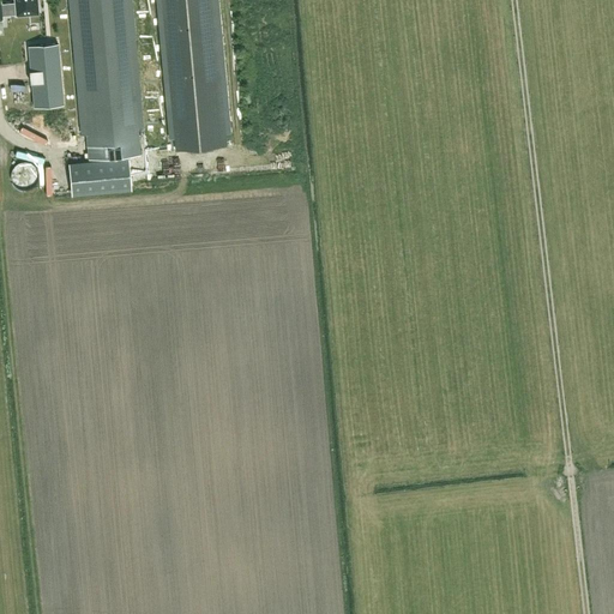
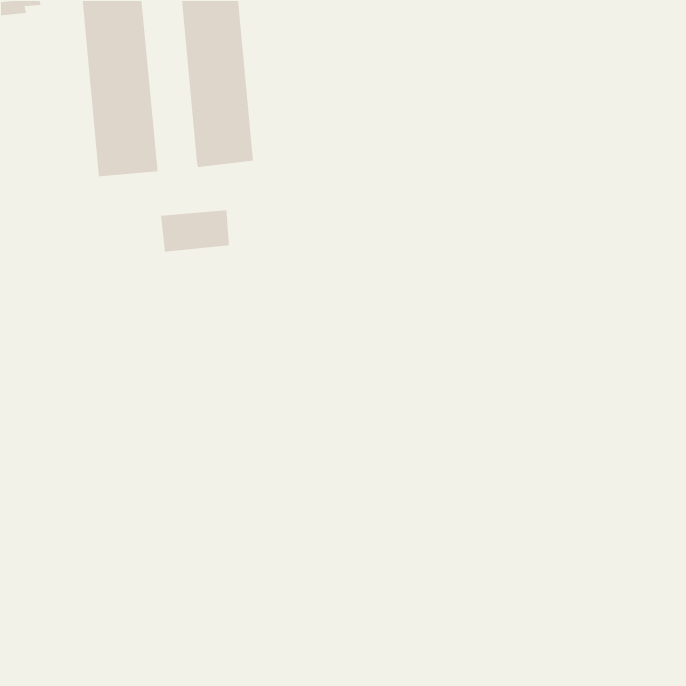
building: [28,43,64,107] -> none
building: [68,157,131,195] -> [160,210,230,253]

